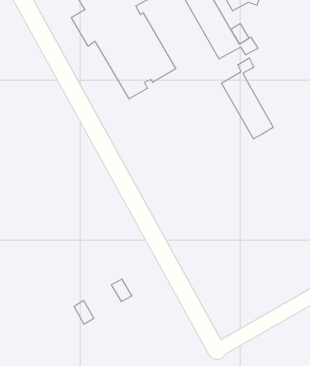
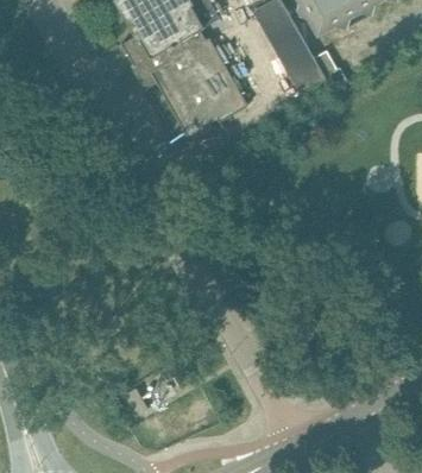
building: [222,58,273,139] -> none

